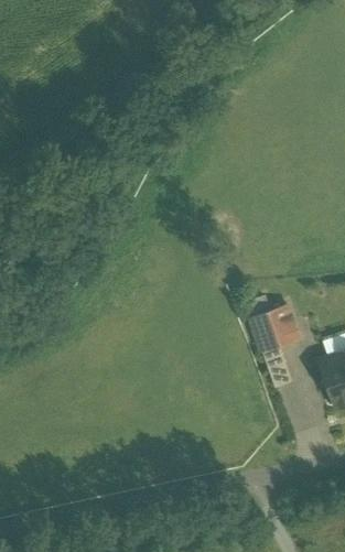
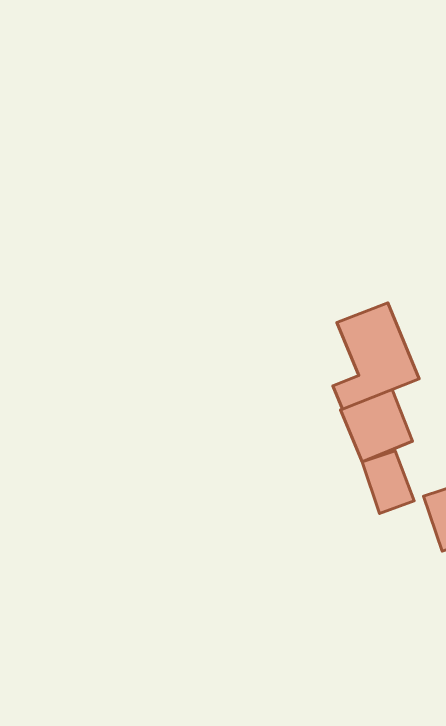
building: none -> [333,303,419,409]

